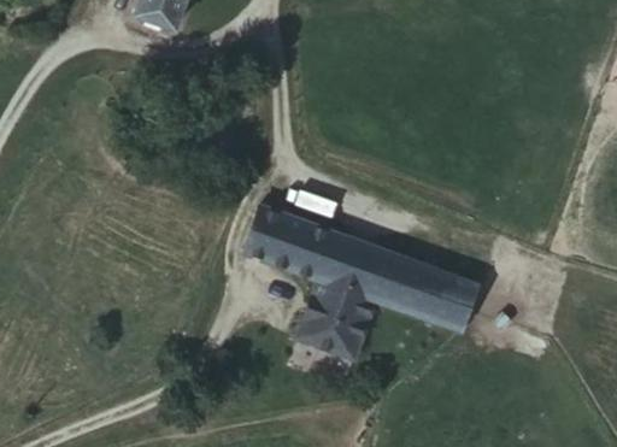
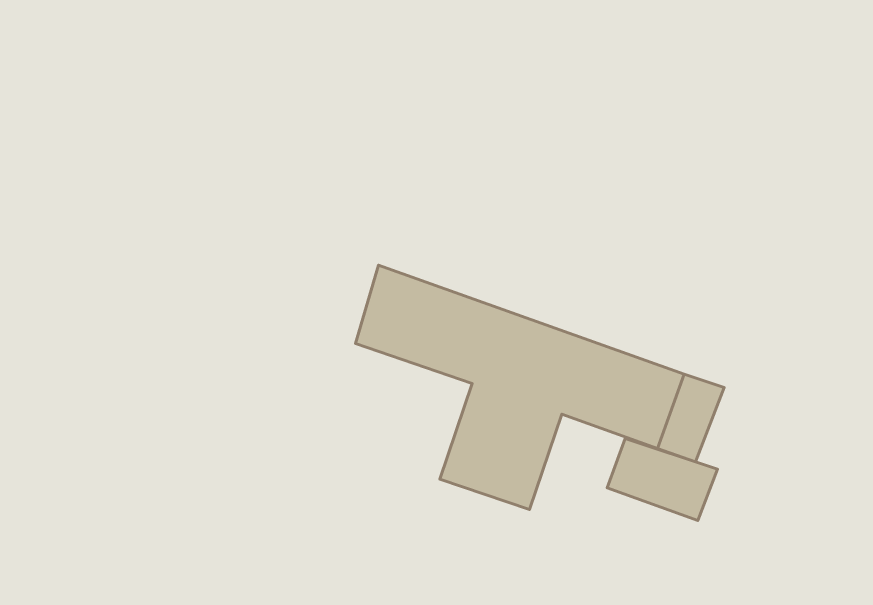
building: none -> [607,439,717,520]

